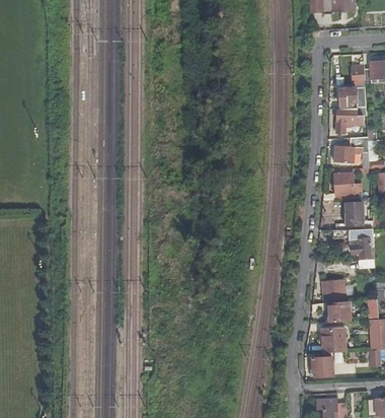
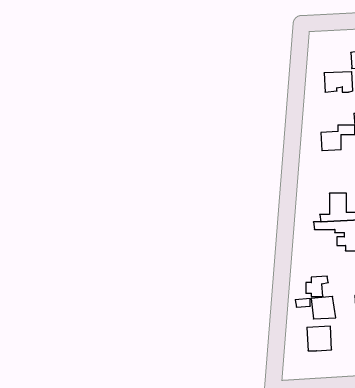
building: [335,106,362,133] -> none
building: [331,167,353,200] -> none
building: [312,352,332,376] -> none

